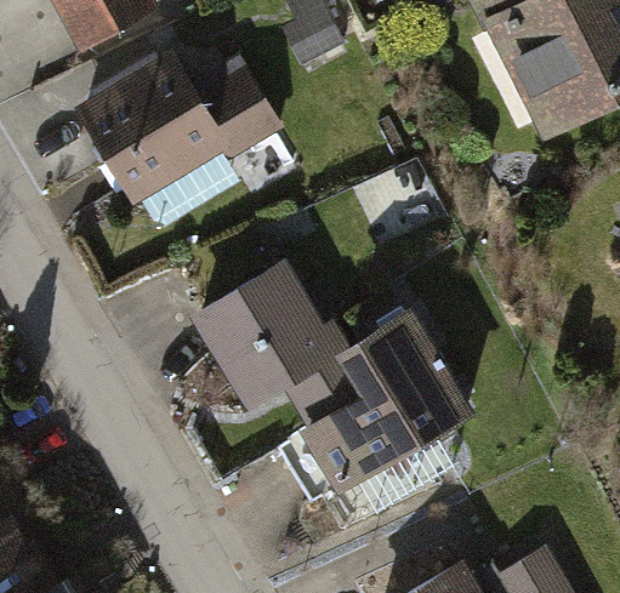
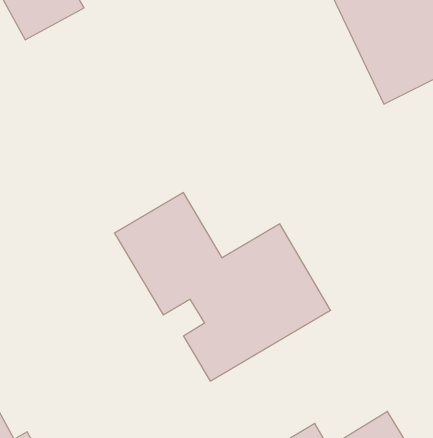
building: [79,50,280,209] -> none

